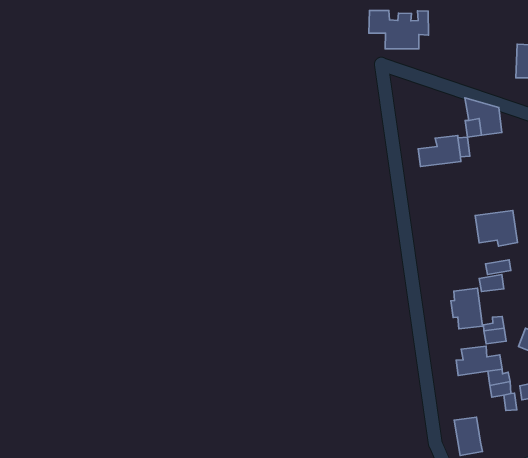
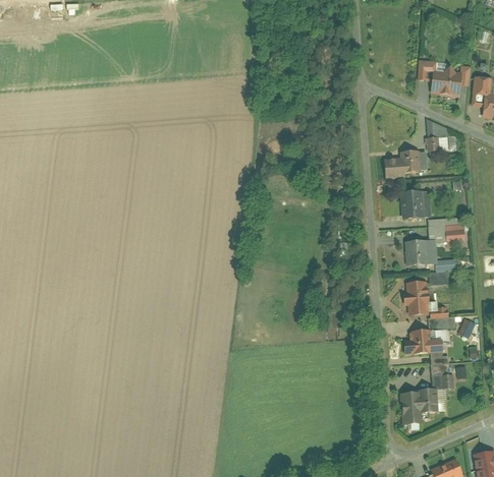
building: [369,10,429,49] -> [418,60,470,96]
building: none -> [399,190,431,218]
building: none -> [405,239,427,265]
building: none -> [419,386,438,412]

